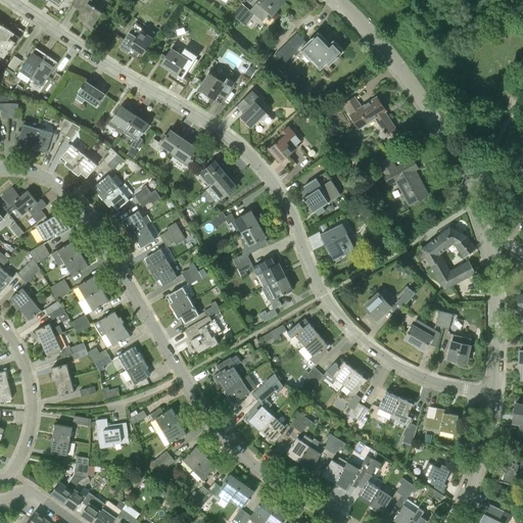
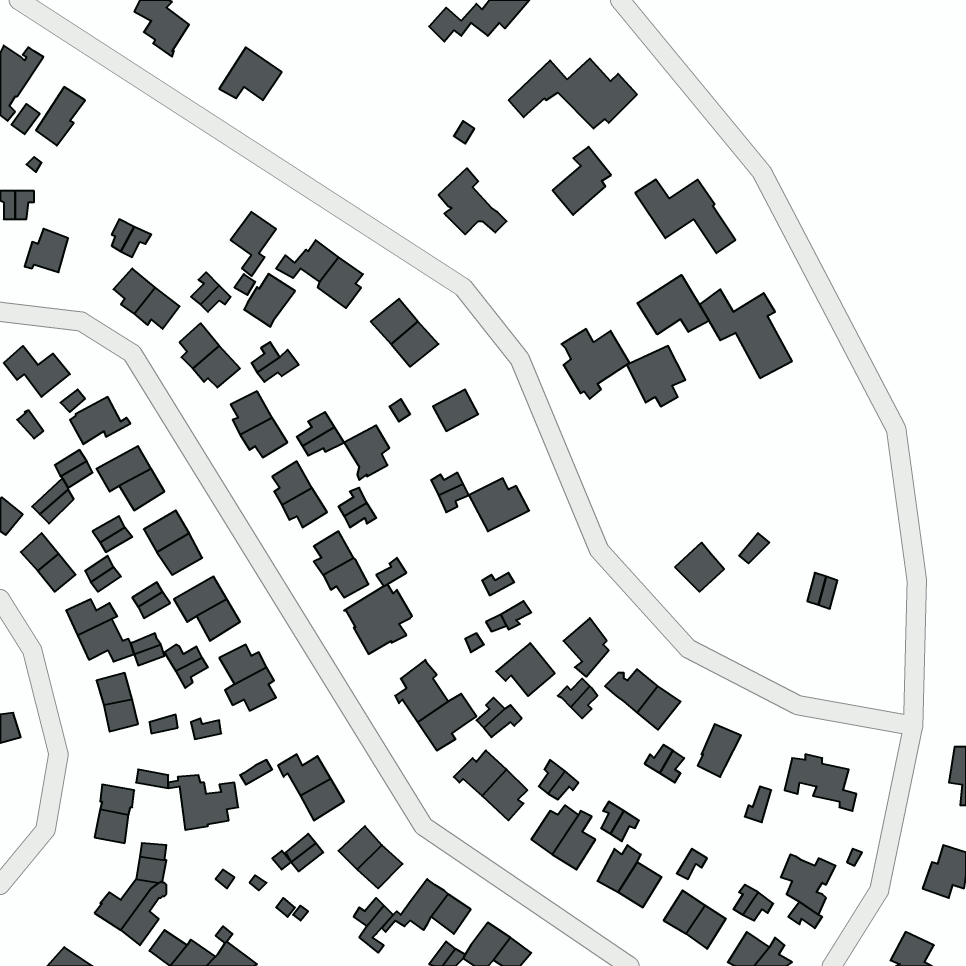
building: [161,49,196,75] -> none
building: [31,54,58,86] -> none
building: [199,73,234,99] -> none
building: [75,82,104,106] -> none
building: [108,105,136,134] -> [244,274,295,327]
building: [270,126,301,162] -> [553,147,611,215]
building: [32,129,58,153] -> none
building: none -> [637,275,709,334]
building: [241,224,266,253] -> [344,425,389,480]
building: [321,225,352,257] -> [627,346,685,406]
building: [422,228,476,289] -> none
building: [262,276,292,300] -> none
building: [287,318,319,346] -> [496,643,555,696]
building: [405,319,431,350] -> none
building: [447,334,472,364] -> none
building: [390,397,414,425] -> none

